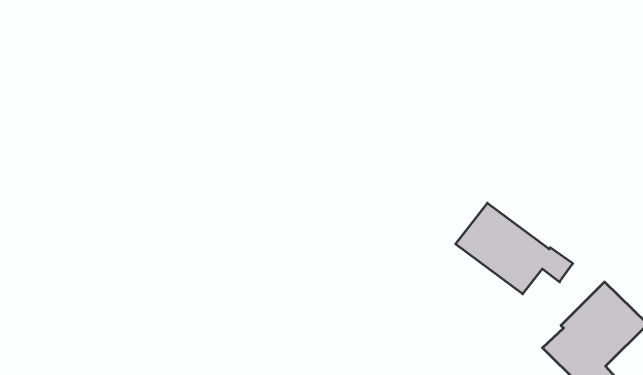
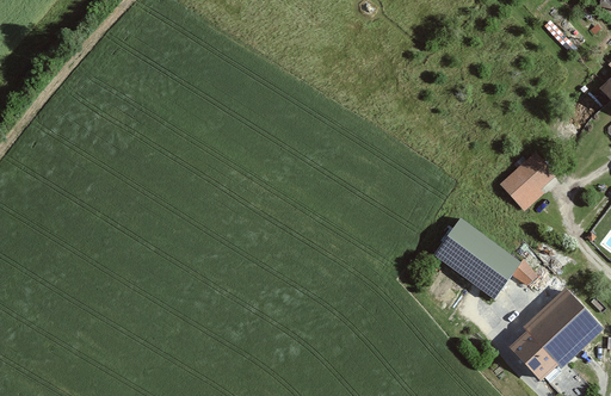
building: none -> [499,151,554,210]

